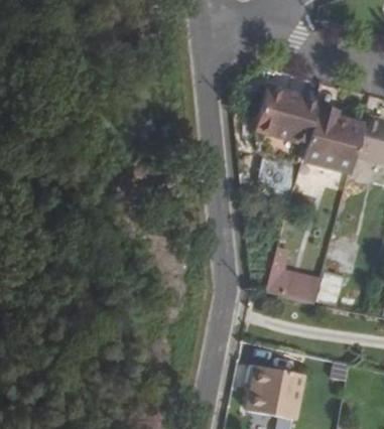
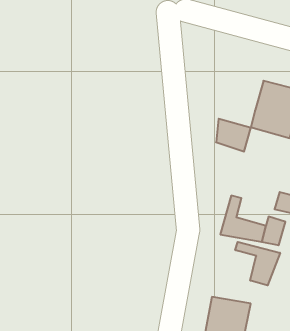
building: [254,88,318,144] -> none
building: none -> [235,242,280,285]

